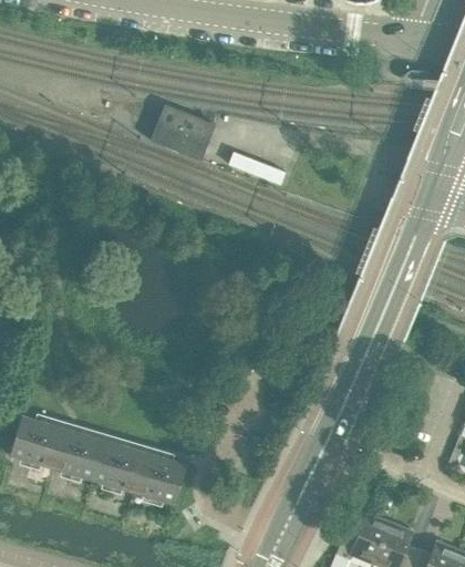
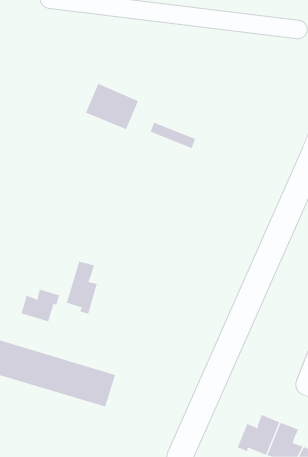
building: none -> [66,261,98,315]
building: none -> [21,289,60,322]

